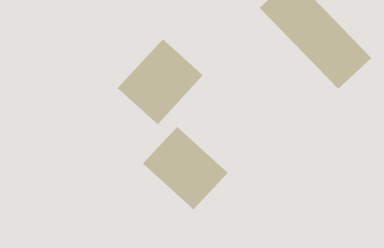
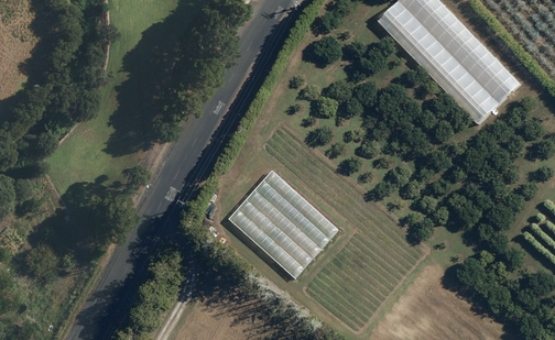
building: [117,38,204,125] -> none

